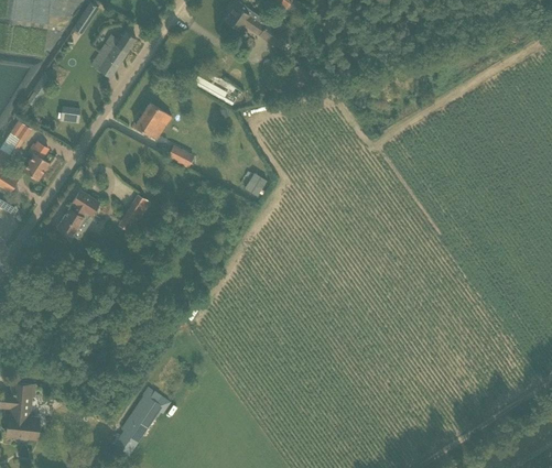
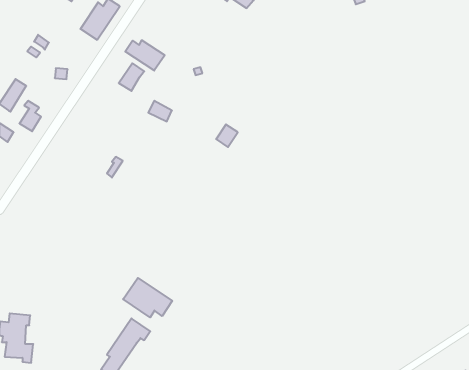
building: none -> [125,40,165,71]
building: [57,192,98,236] -> none
building: none -> [123,278,172,317]

